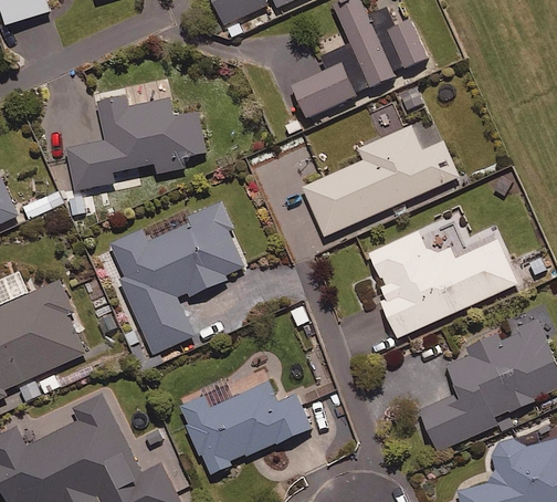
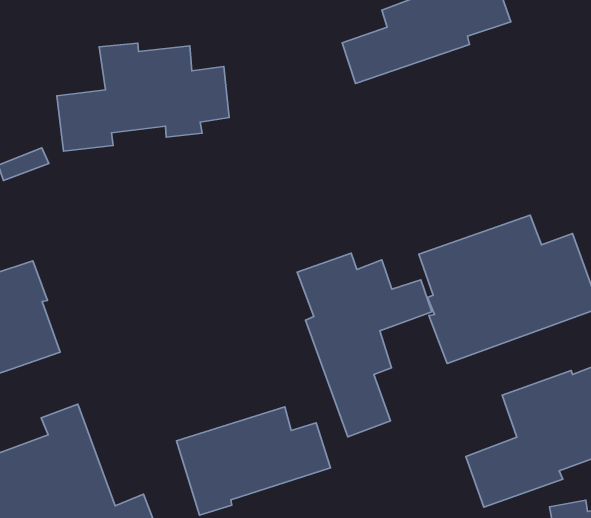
building: [303,125,459,236] -> none
building: [109,203,246,354] -> none
building: none -> [297,253,432,437]

